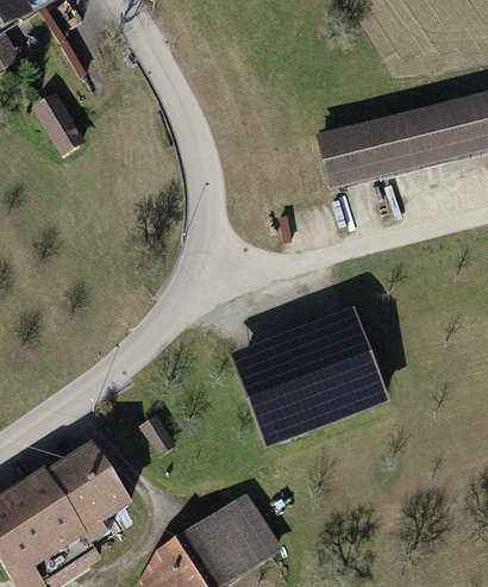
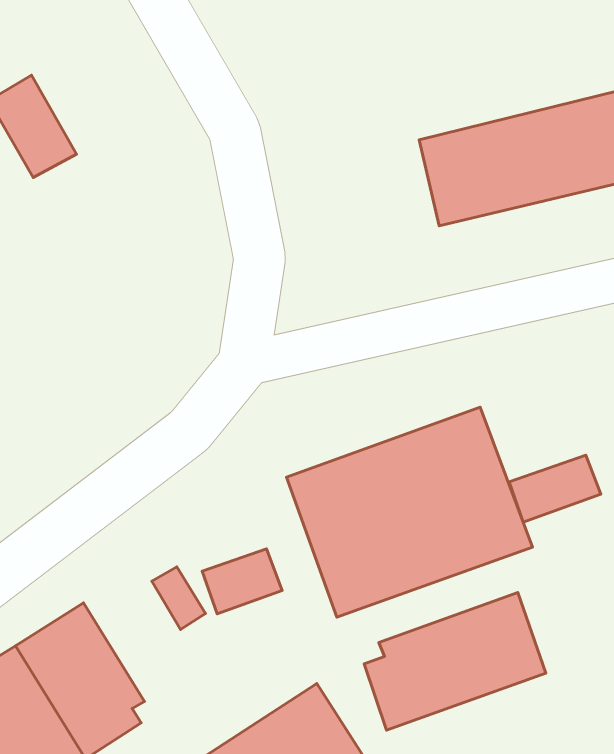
building: none -> [509,455,601,522]
building: none -> [202,549,282,614]
building: none -> [364,593,546,730]

